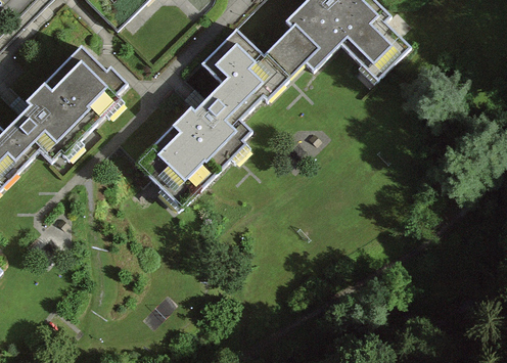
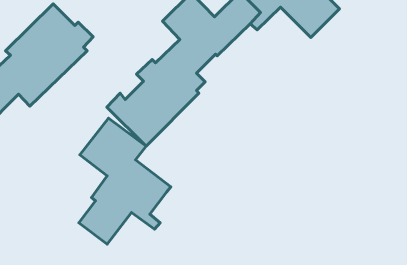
building: none -> [79,118,171,244]

